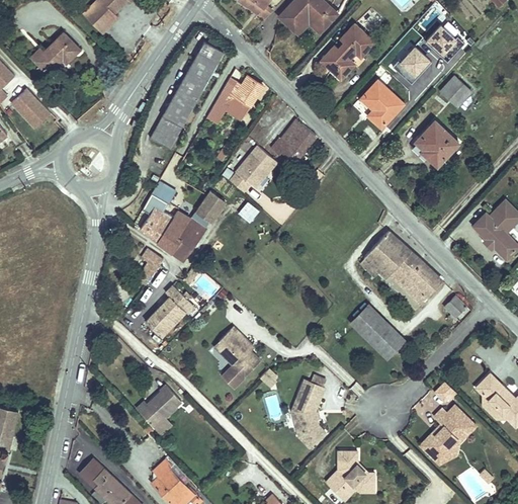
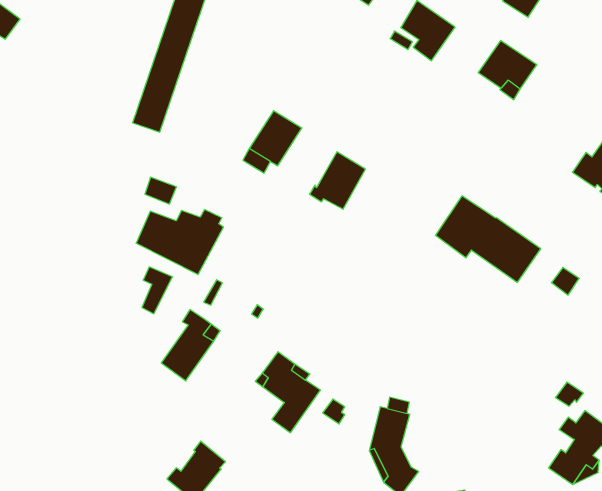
building: [207,75,263,122] -> none
building: [270,119,315,163] -> [309,152,365,209]
building: [194,190,224,224] -> none
building: [350,306,404,358] -> none

